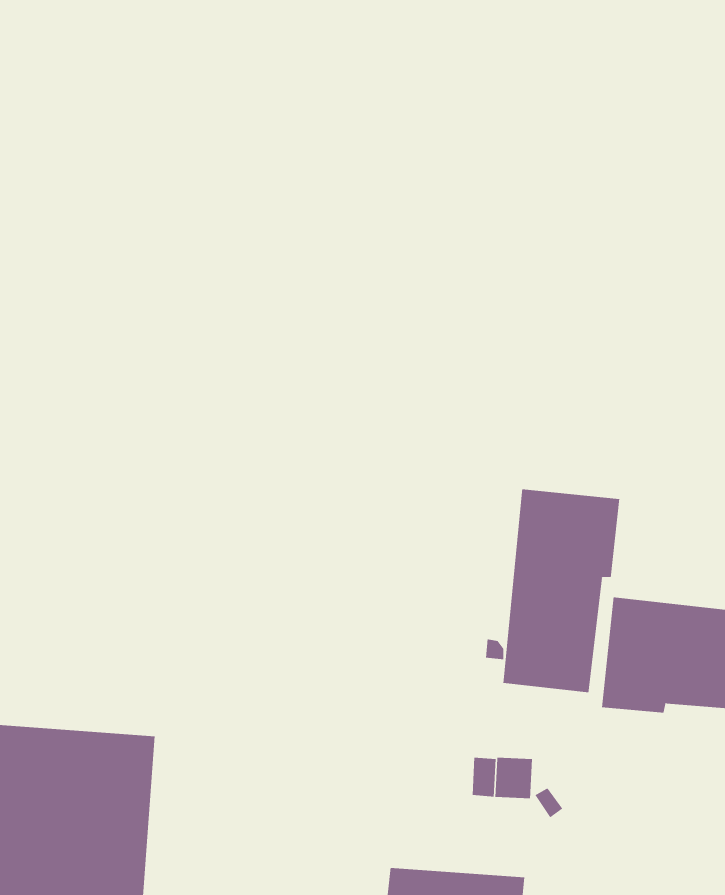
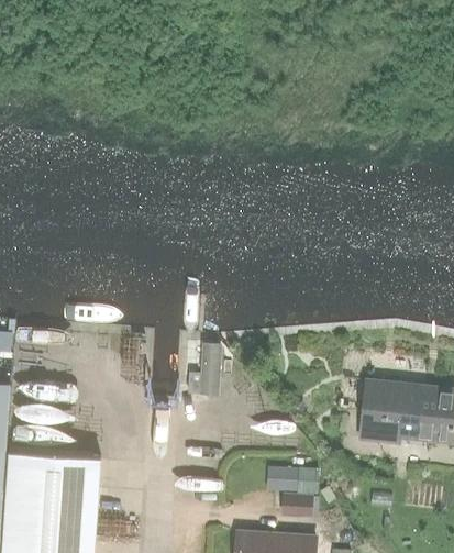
building: [503,488,620,693] -> none
building: none -> [280,494,312,517]

